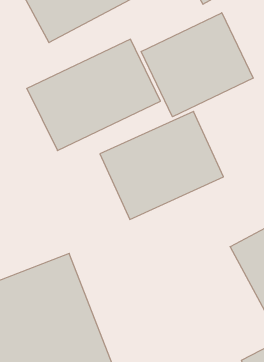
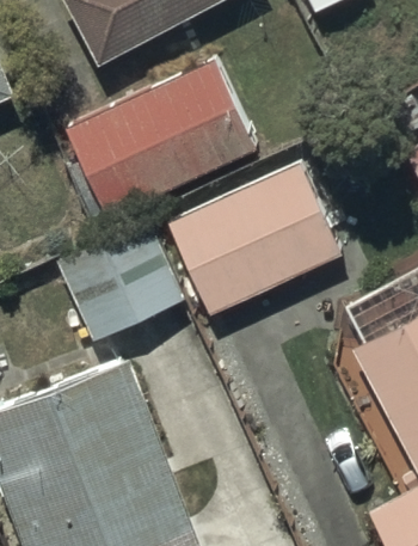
building: [141,13,253,117] -> none
building: none -> [57,219,185,338]

